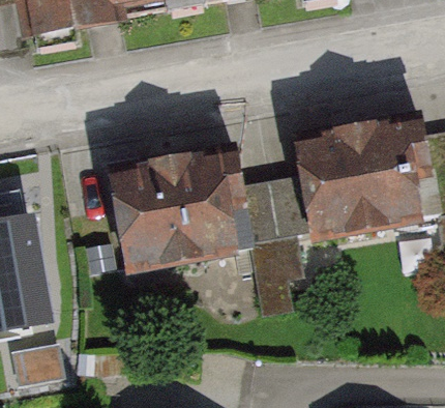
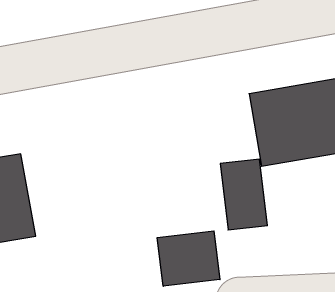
building: [112,157,249,259] -> none
building: none -> [157,231,220,286]

